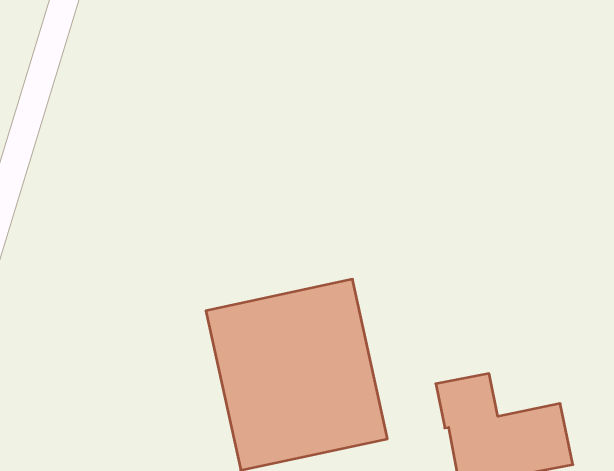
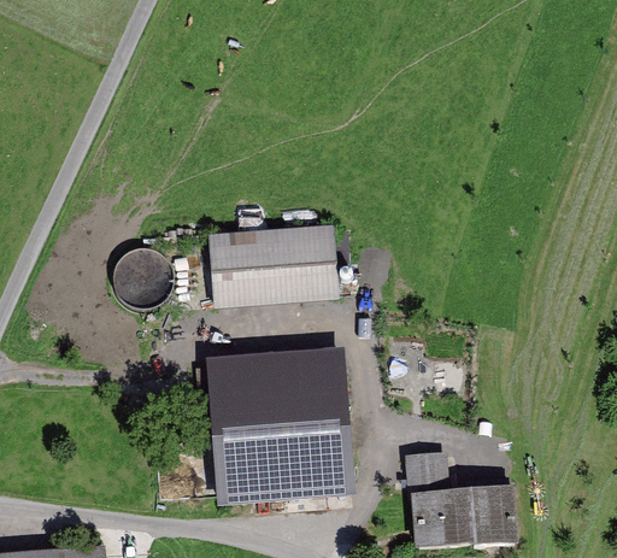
building: none -> [207,224,339,309]
building: none -> [110,240,178,309]

